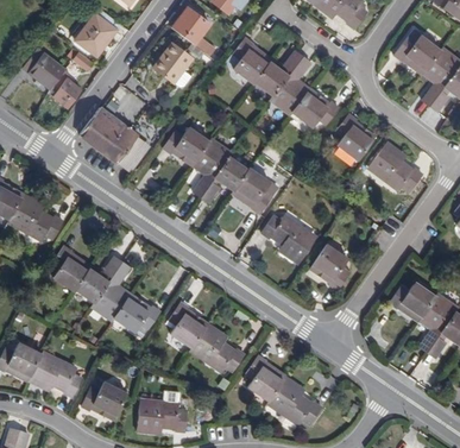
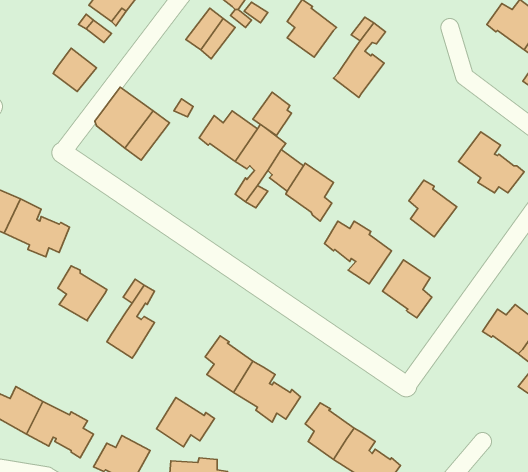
building: [21,46,65,88] -> none
building: [254,59,285,94] -> [253,92,291,135]
building: [292,86,339,124] -> none
building: [335,115,373,160] -> [409,180,457,237]
building: [74,269,105,302] -> none
building: [112,292,158,332] -> [157,398,215,447]

